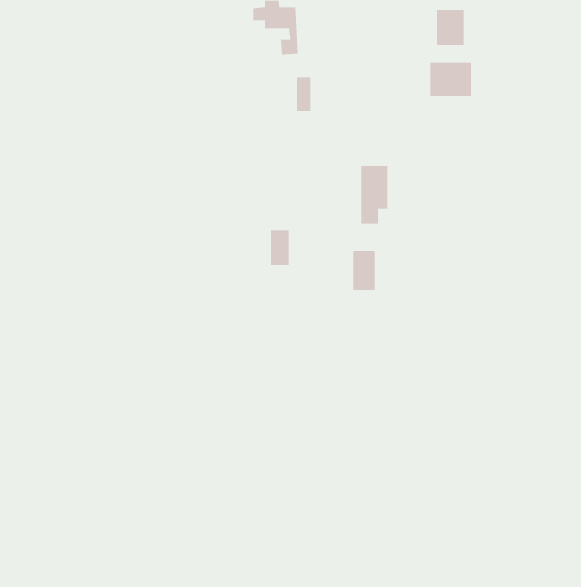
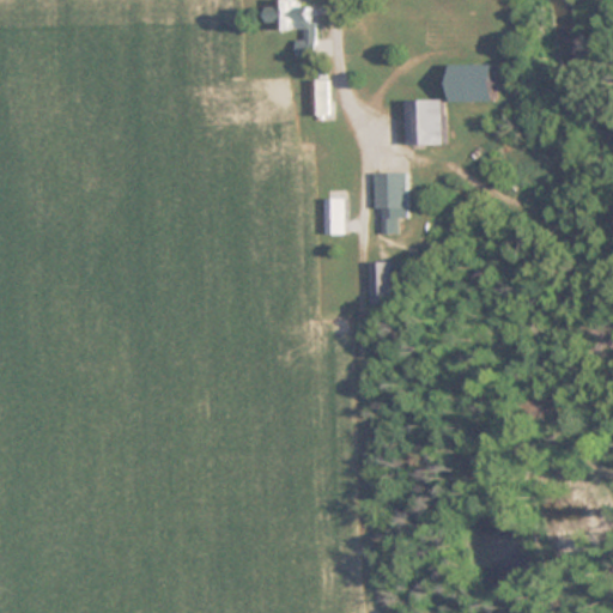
building: [437,9,464,46] -> none
building: none -> [406,101,442,145]
building: [270,230,290,265] -> [323,198,344,235]

